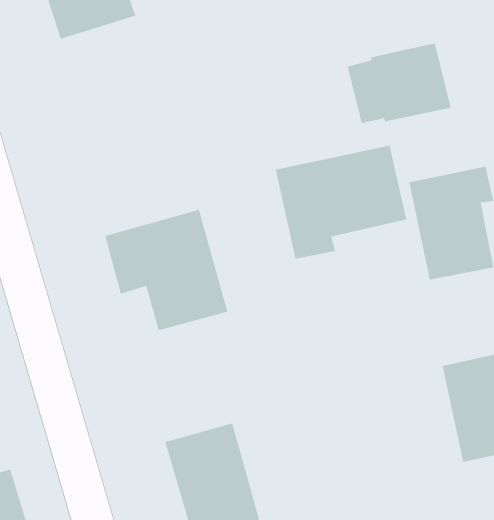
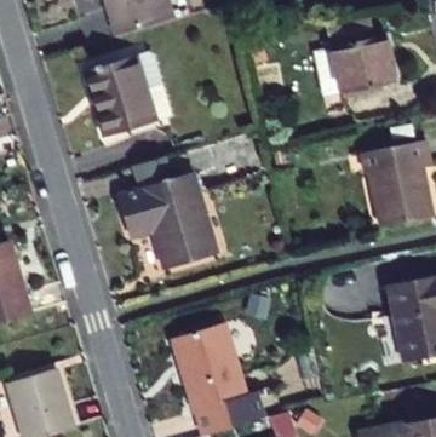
building: none -> [86,54,154,137]
building: [275,145,407,259] -> none

